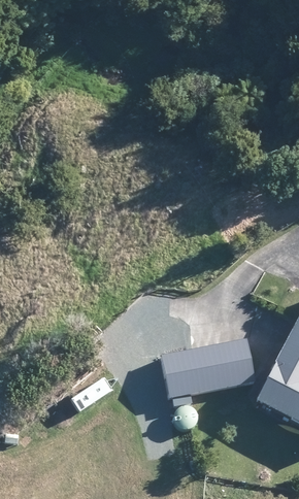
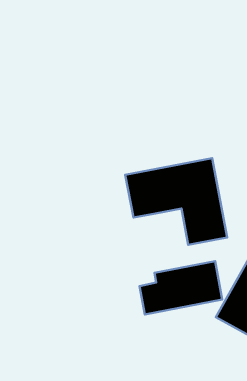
building: none -> [125,158,227,245]

